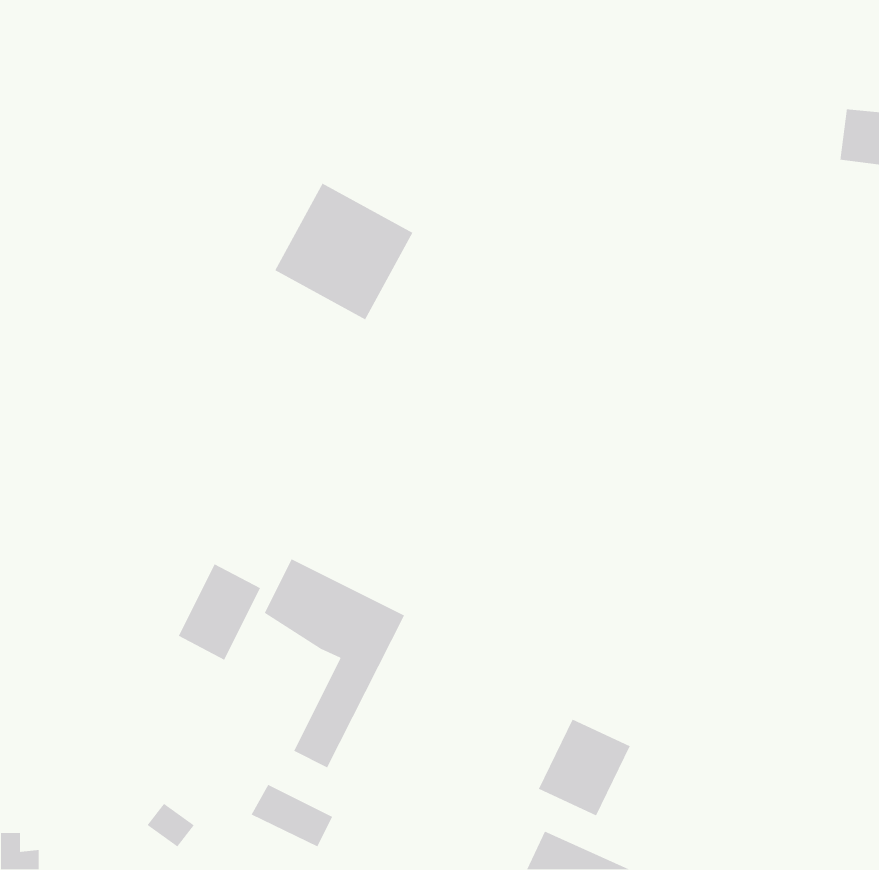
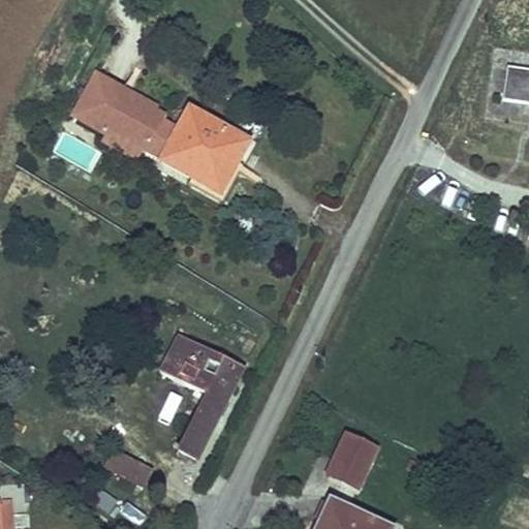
building: none -> [68,66,178,159]
building: [178,563,261,661] -> none
building: [251,784,333,847] -> [104,447,154,486]

